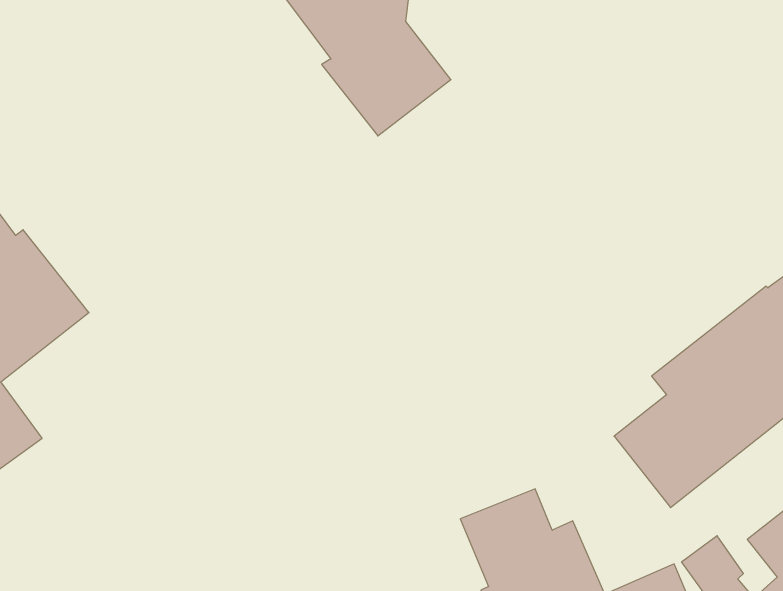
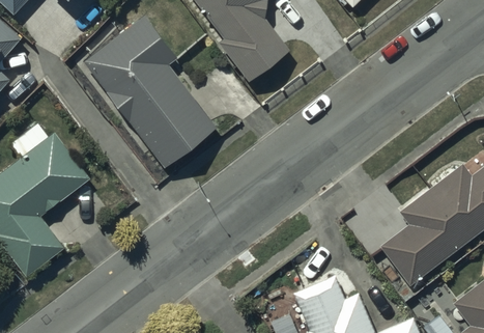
building: none -> [84,16,216,167]

